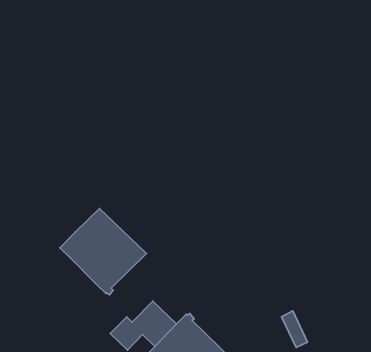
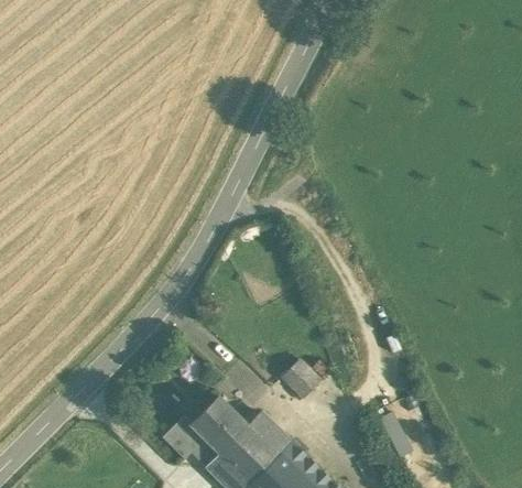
building: [60,208,146,295] -> none
building: none -> [282,361,319,399]

